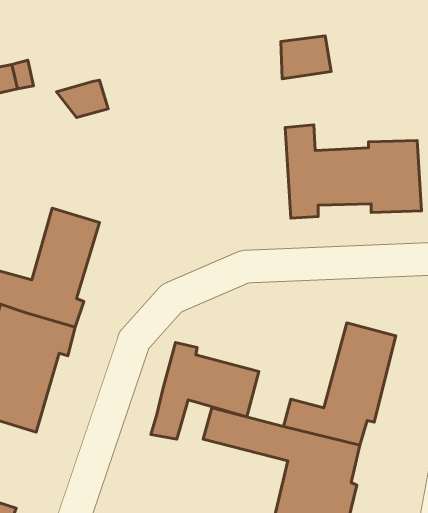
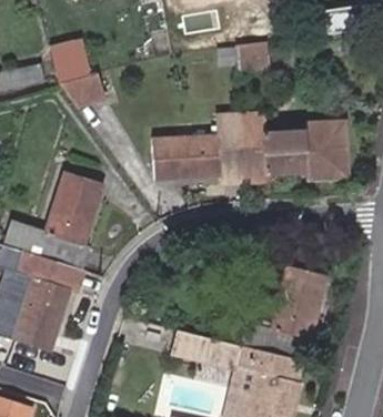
building: none -> [53,44,90,85]
building: none -> [164,113,243,183]
building: [151,343,259,439] -> none

